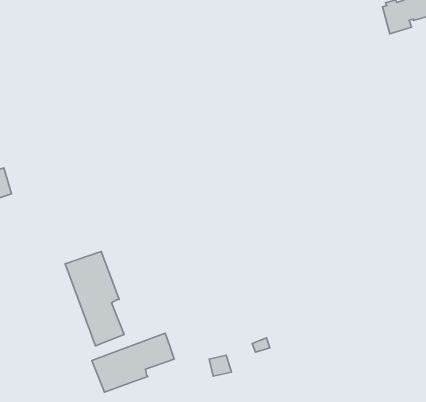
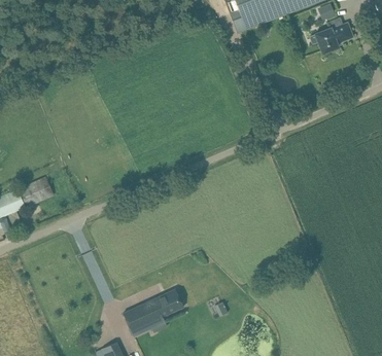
building: [65,251,124,346] -> none

